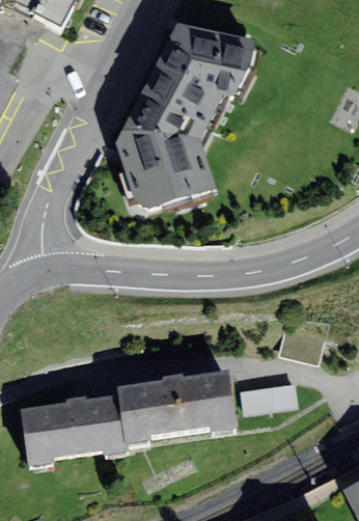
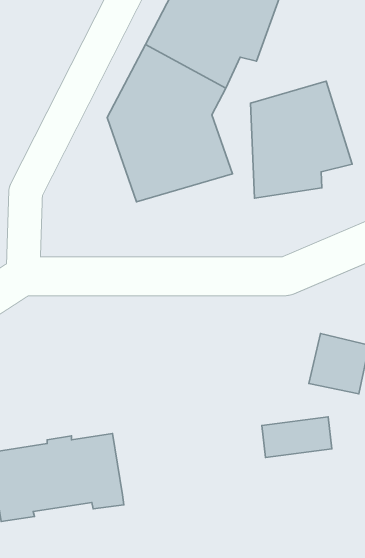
building: none -> [250,81,352,198]
building: [117,373,237,446] -> none

